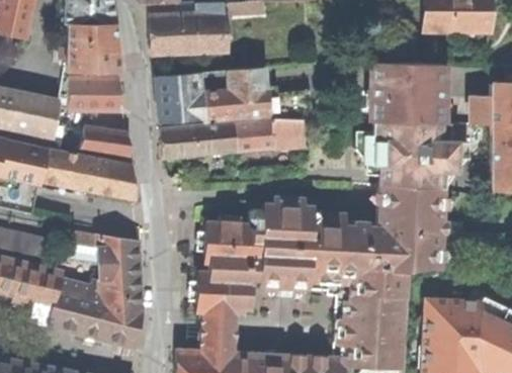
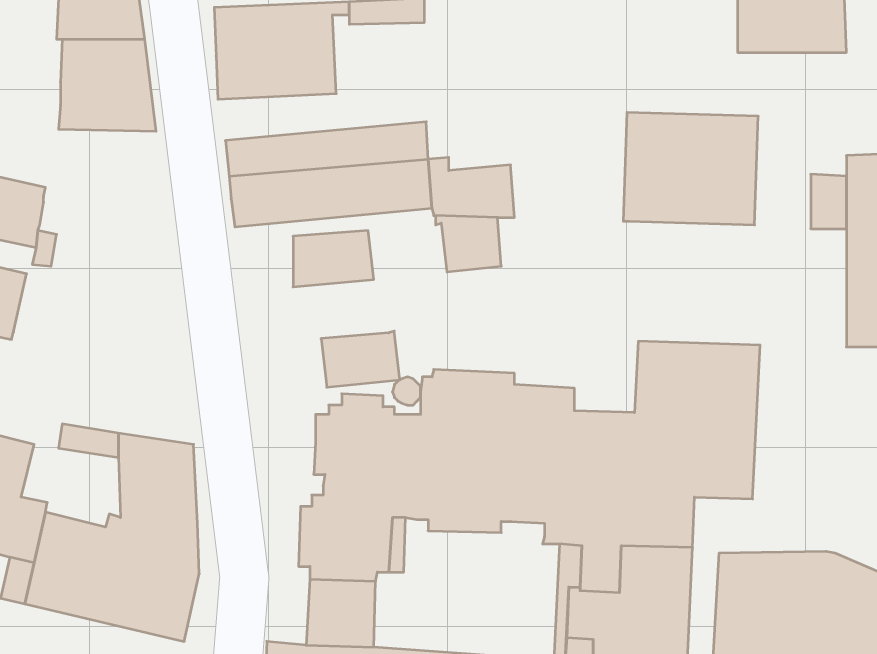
building: [67,78,118,110] -> none
building: [372,121,468,188] -> none
building: [233,122,275,153] -> [321,331,400,387]
building: [162,126,192,159] -> none
building: [80,127,129,158] -> none
building: [41,150,134,199] -> none

